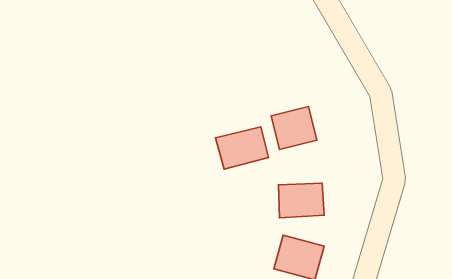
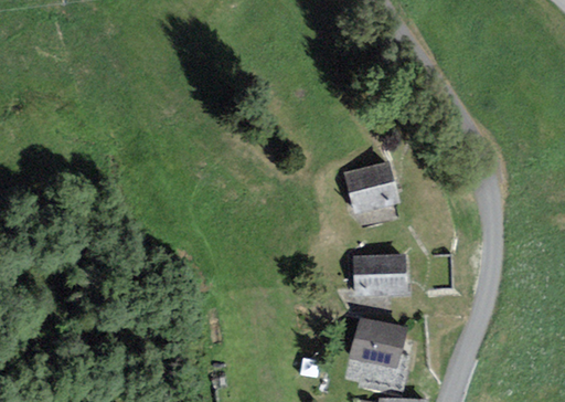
building: [215,127,268,169] -> none

